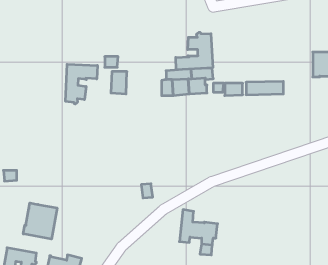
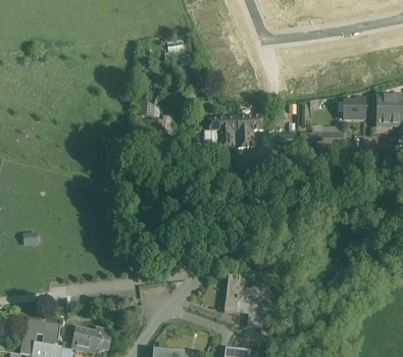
building: [176,32,213,70] -> none
building: none -> [344,96,365,115]
building: [66,64,97,104] -> none
building: [23,203,57,239] -> none

